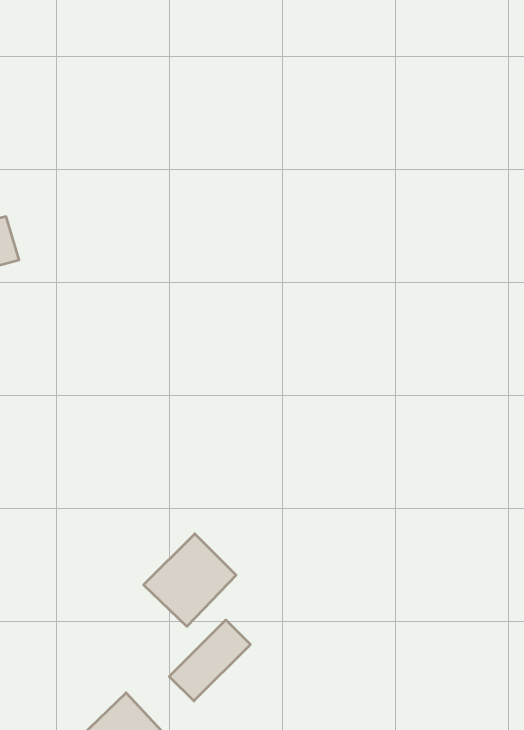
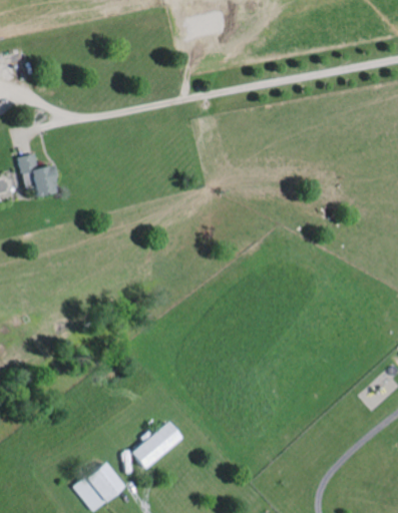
building: [144,534,236,626] -> none

